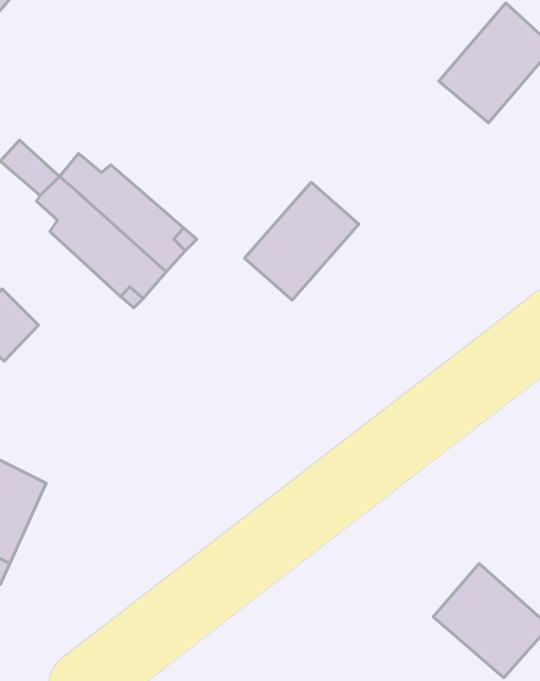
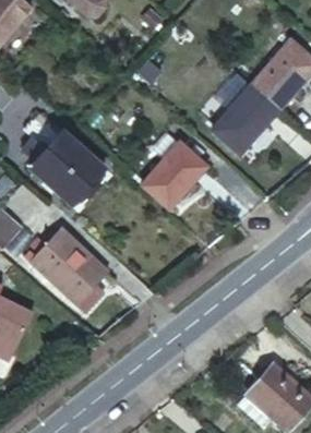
building: none -> [214,83,280,153]
building: none -> [20,229,107,310]

